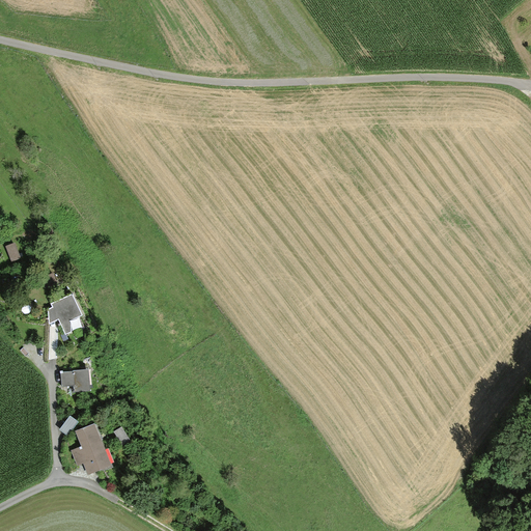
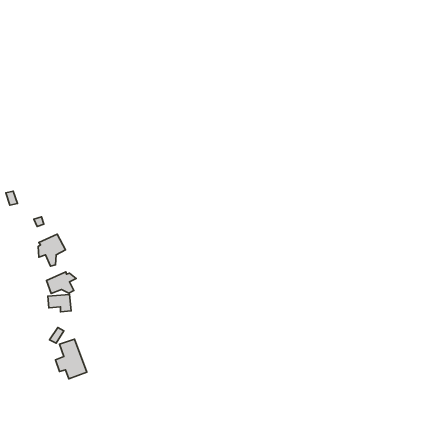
building: none -> [46,272,76,293]

